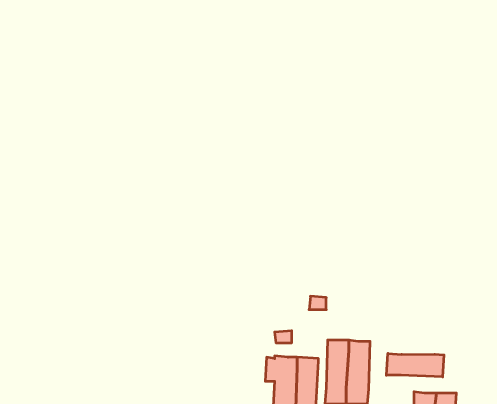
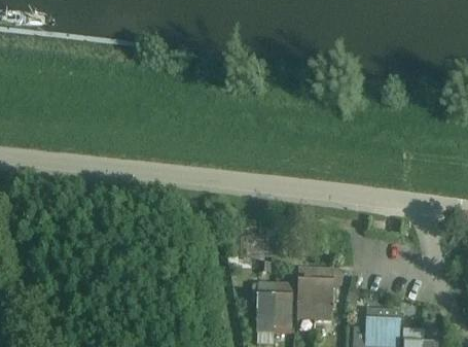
building: [386,353,444,377] -> none

